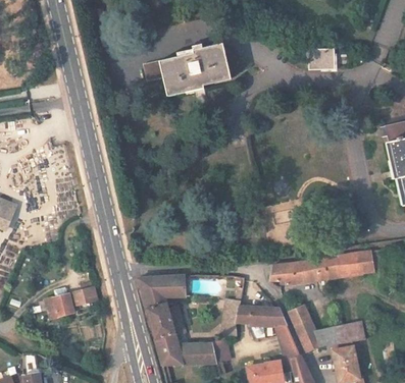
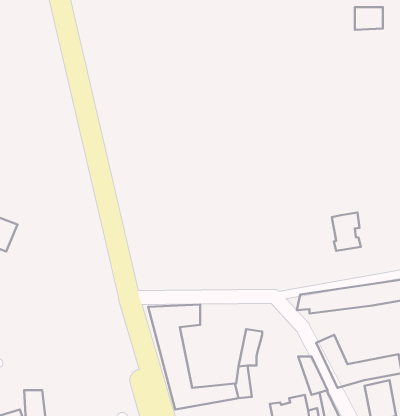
building: [141,43,230,96] -> none
building: [310,49,336,69] -> [355,7,383,30]
building: none -> [332,213,361,251]
building: [42,281,98,319] -> none
building: [236,304,285,323] -> none

